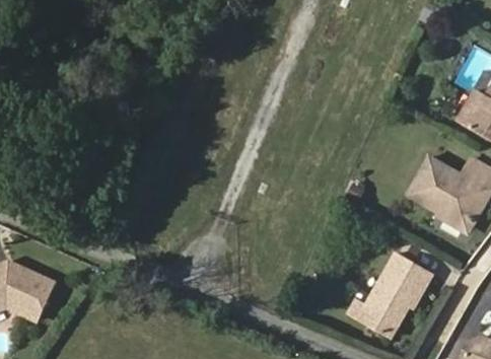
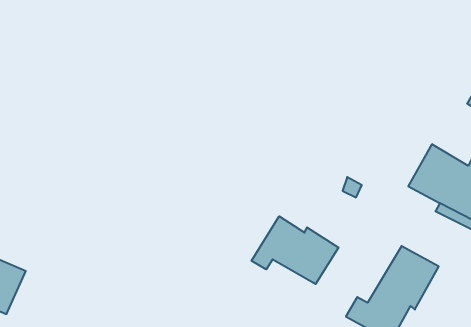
building: none -> [252,216,338,284]

